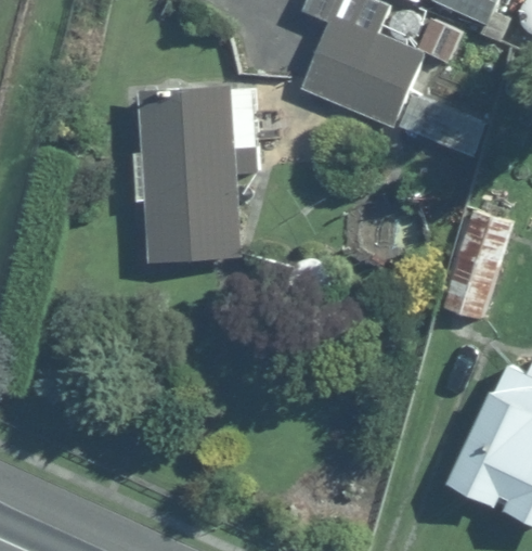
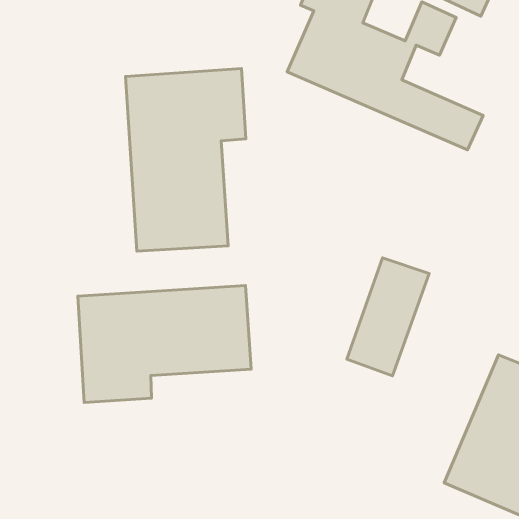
building: [436,210,516,325] -> [347,258,429,376]
building: none -> [78,286,251,402]

